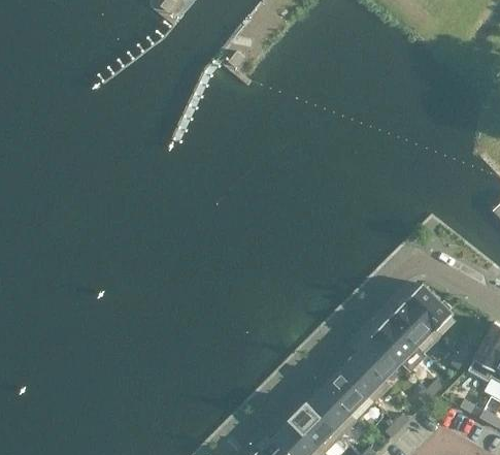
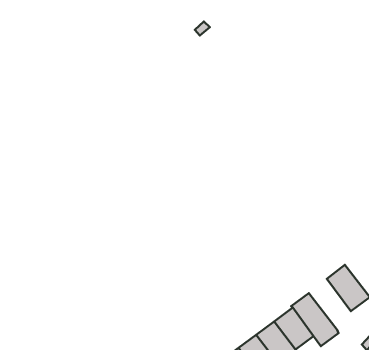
building: [388,299,439,351] -> none

